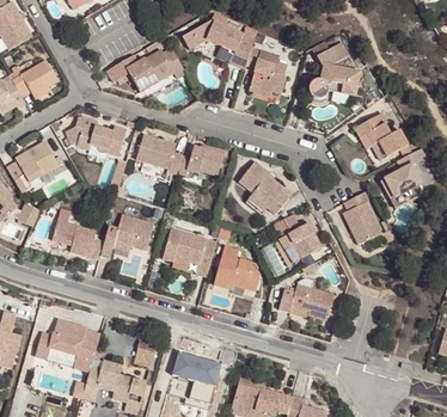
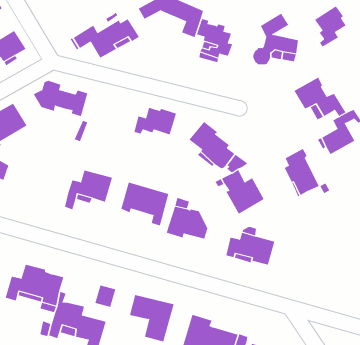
building: none -> [314,6,347,48]
building: [136,133,182,173] -> none
building: [51,219,104,259] -> none

